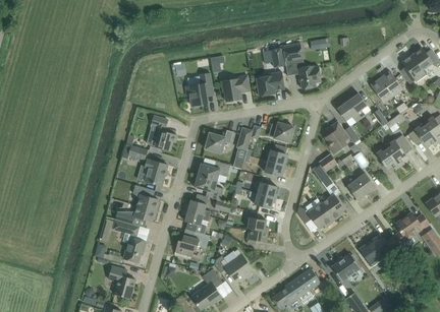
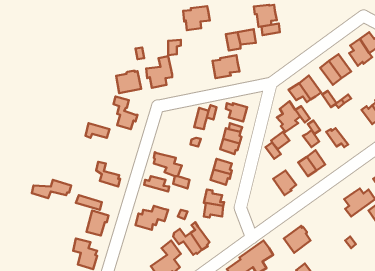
building: [296,65,321,88] -> [254,5,277,27]
building: [221,75,250,101] -> [183,6,210,30]
building: none -> [116,71,141,93]
building: [204,129,232,152] -> none
building: [386,134,411,166] -> none
building: [145,159,167,185] -> none
building: [195,161,229,180] -> none
building: [296,202,332,228] -> none
building: [114,204,156,224] -> [32,180,71,198]
building: [181,208,209,234] -> none
building: [360,235,398,262] -> none

